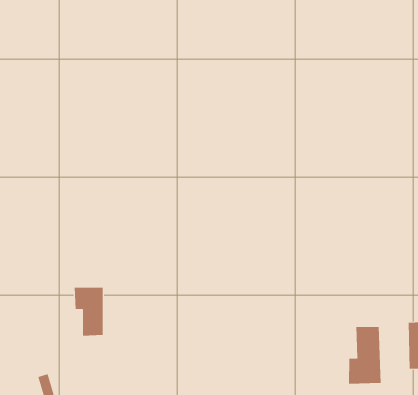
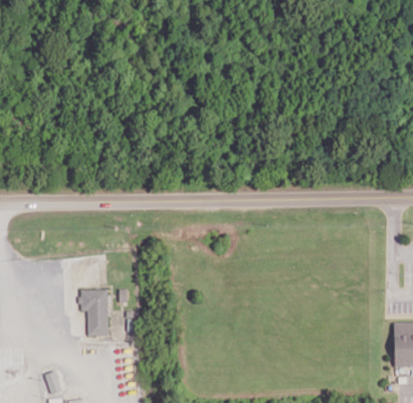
building: [349,326,381,385] -> none

